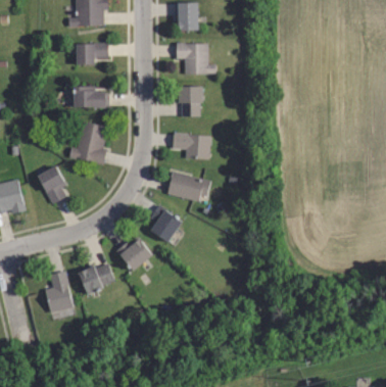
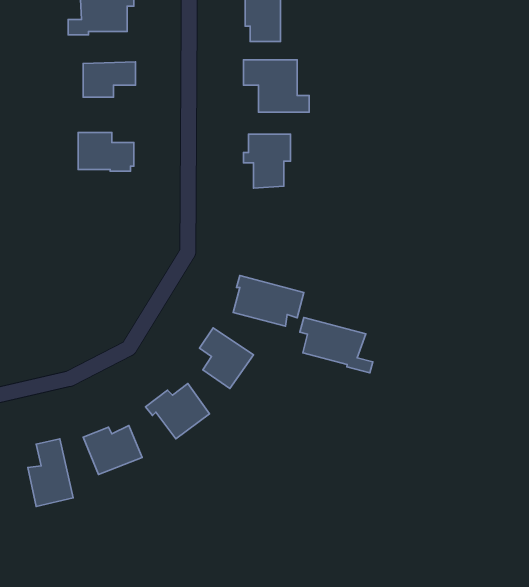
building: [71,119,108,163] -> none
building: [171,134,208,158] -> none
building: [38,166,65,203] -> none
building: none -> [300,317,373,373]

